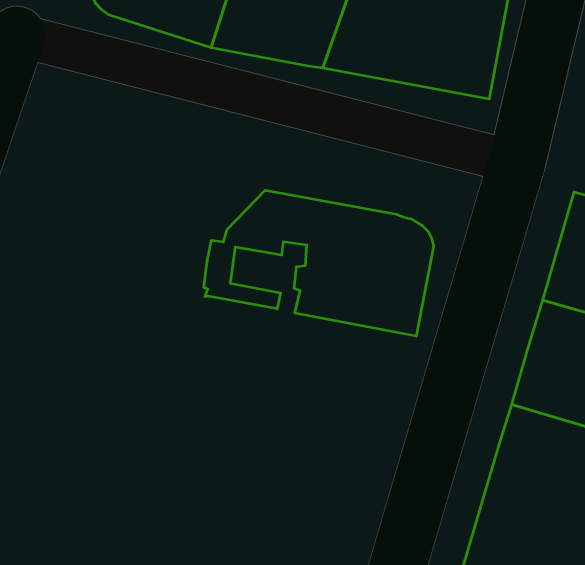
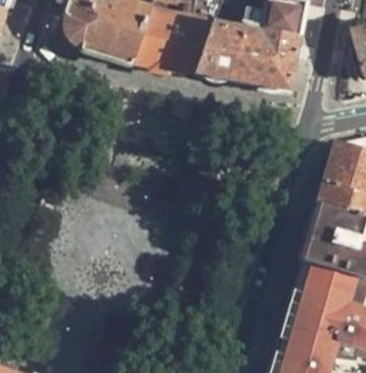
building: [204,190,434,336] -> none

